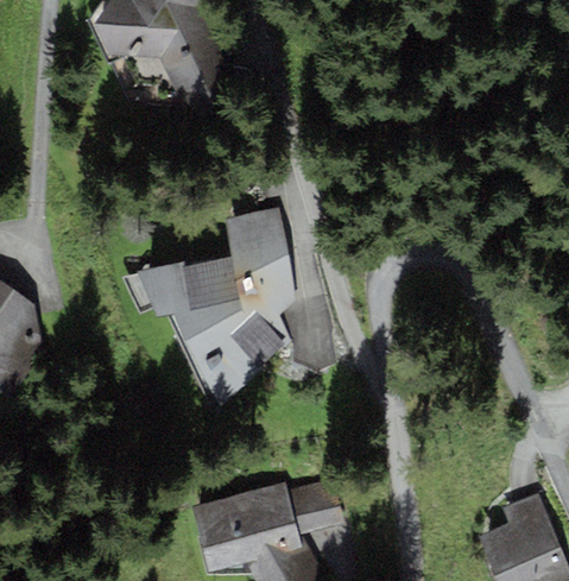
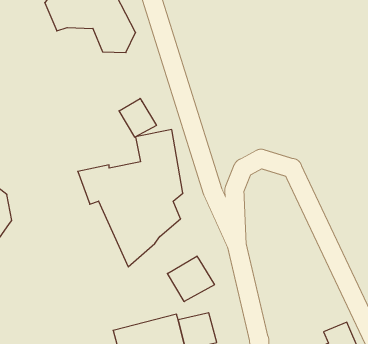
building: none -> [119,98,156,137]
building: none -> [167,256,214,302]

